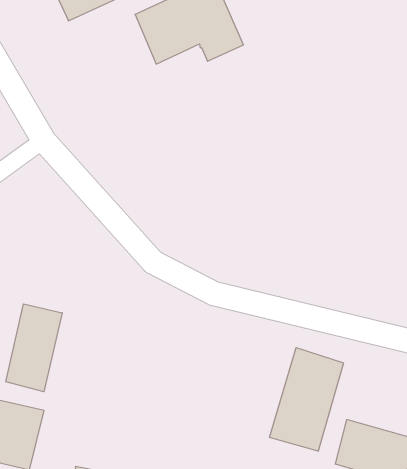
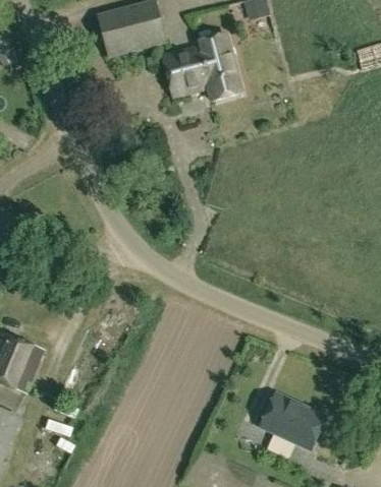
building: [6,304,62,392] -> none
building: [270,348,344,451] -> none

